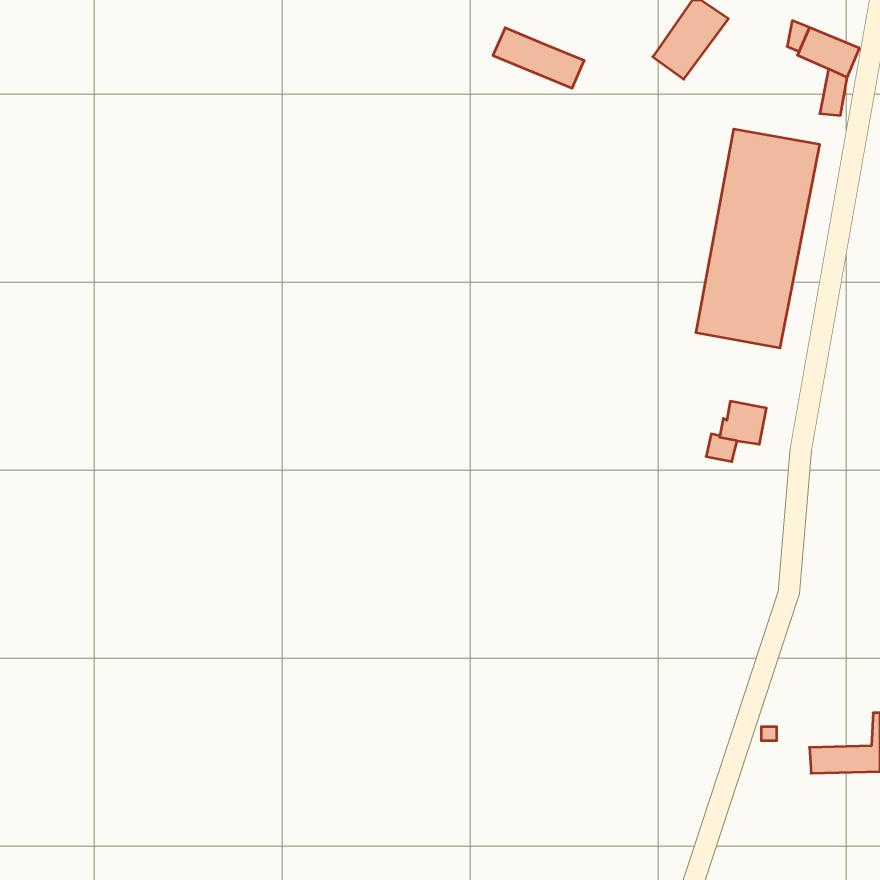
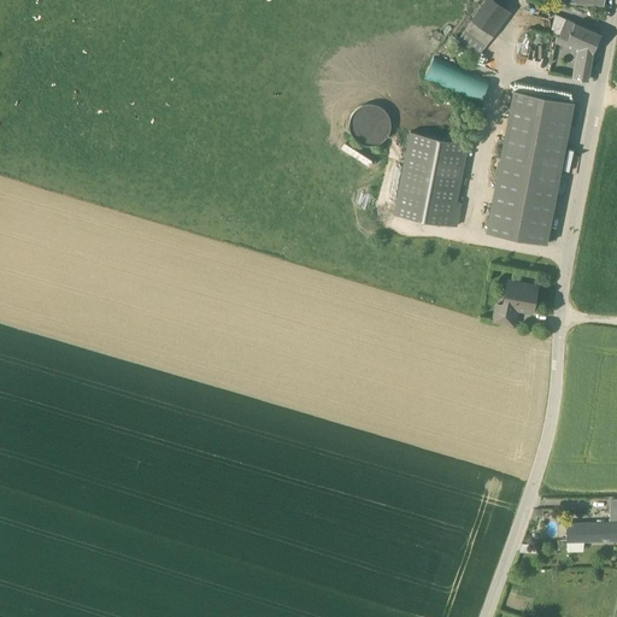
building: [493,28,584,88] -> [425,58,489,100]
building: none -> [349,104,390,145]
building: none -> [394,131,468,227]

